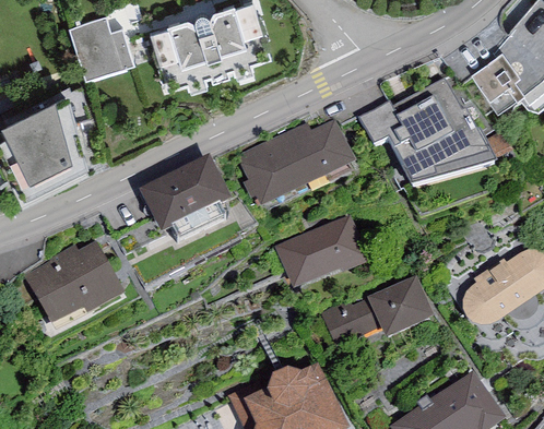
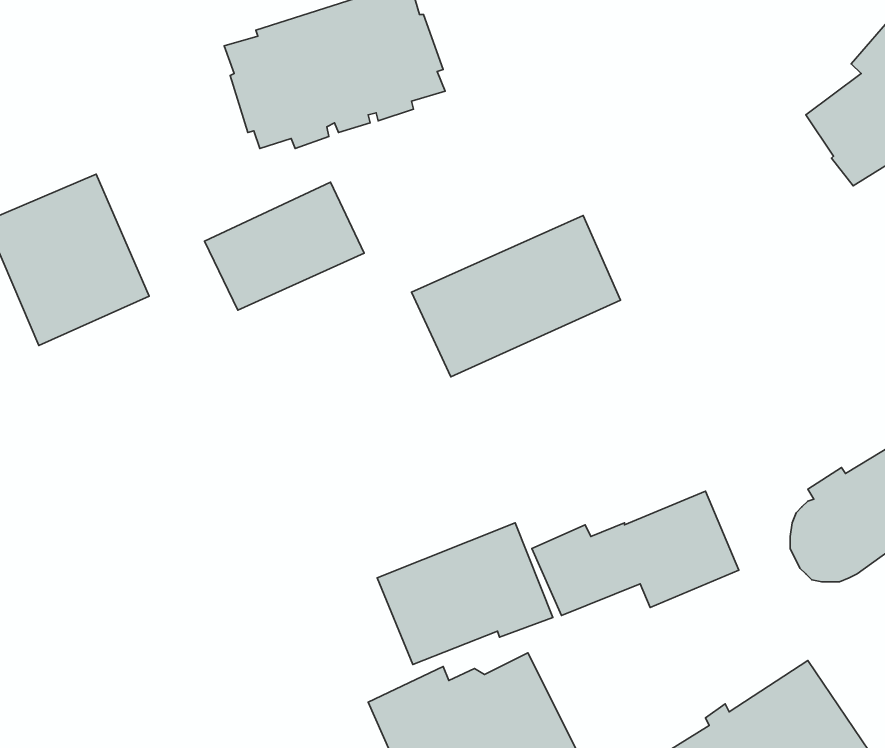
building: [73,12,134,73] -> none
building: [374,79,487,188] -> none
building: [149,166,237,237] -> [204,182,364,310]
building: [270,213,367,291] -> [377,523,553,665]
building: [38,247,126,325] -> none

